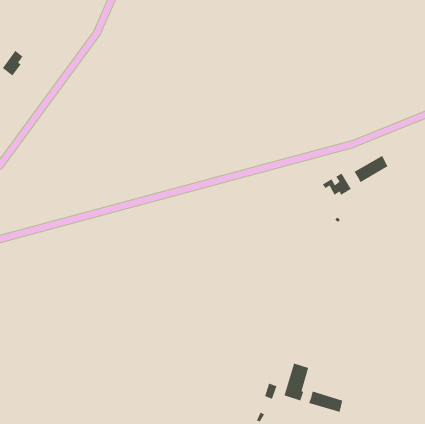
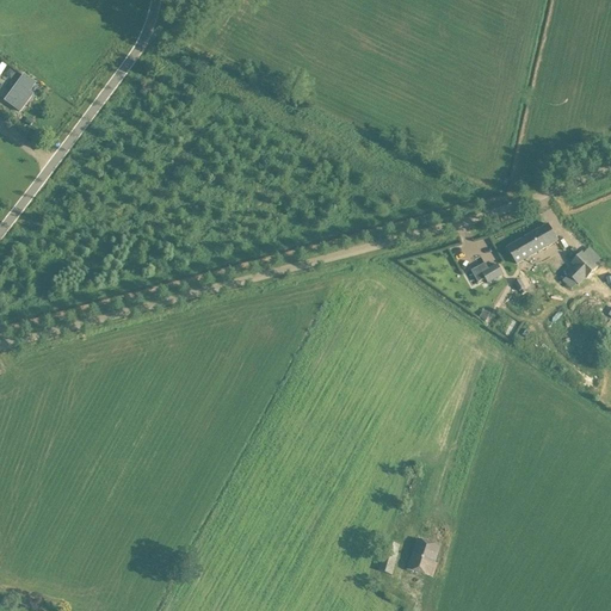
building: none -> [566,249,597,283]
building: [308,390,343,413] -> none

